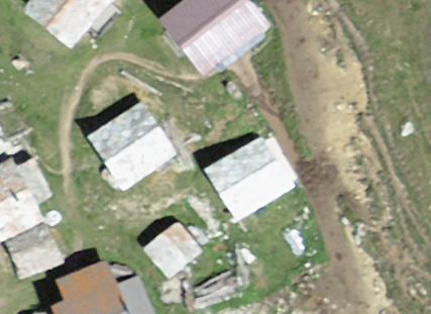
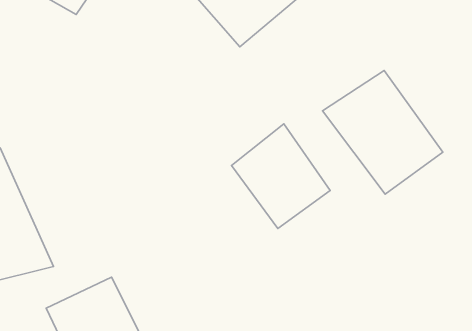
building: none -> [322,71,443,194]
building: [86,108,171,194] -> none

